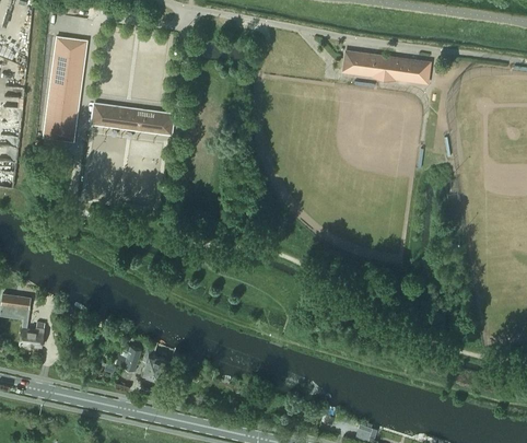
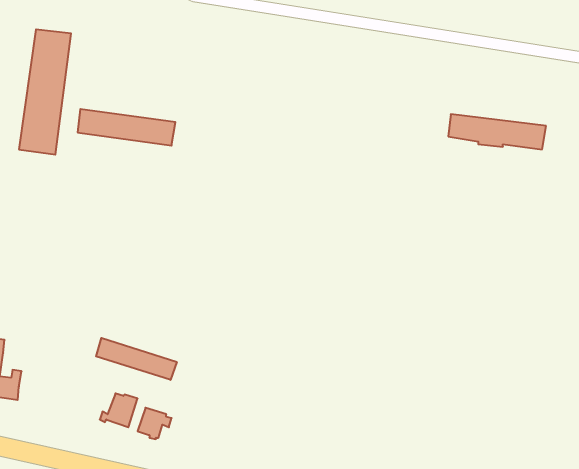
building: [348,53,430,82] -> [448,114,546,149]
building: none -> [96,338,177,380]

